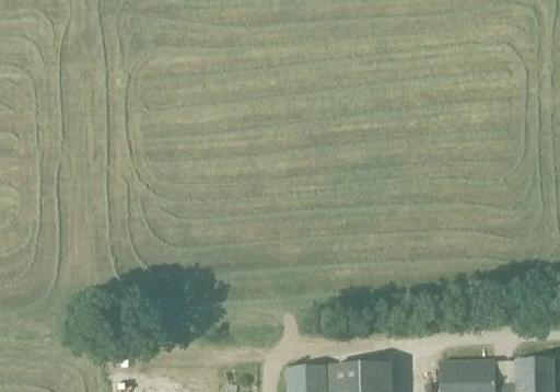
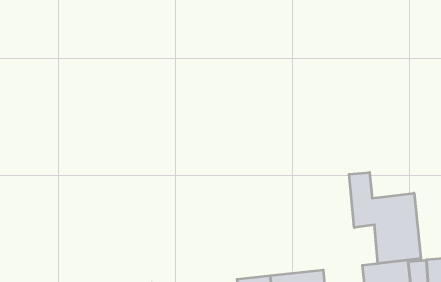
building: none -> [349,172,421,264]

